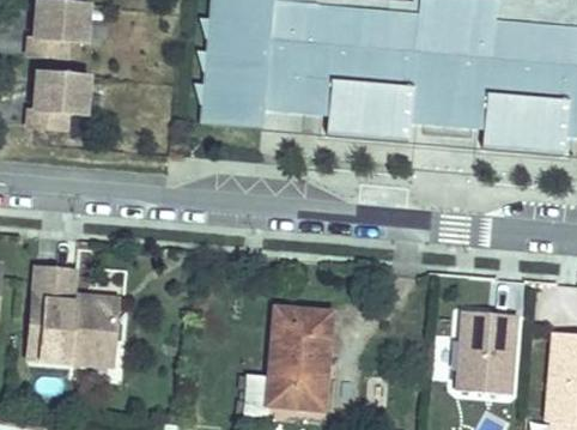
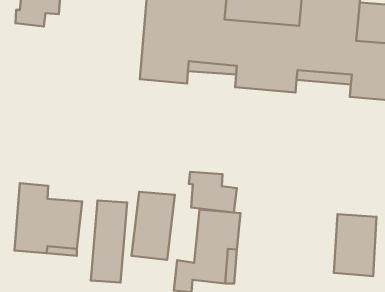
building: [31,68,92,125] -> none
building: none -> [189,172,237,213]
building: none -> [132,192,175,260]
building: none -> [91,200,127,282]

